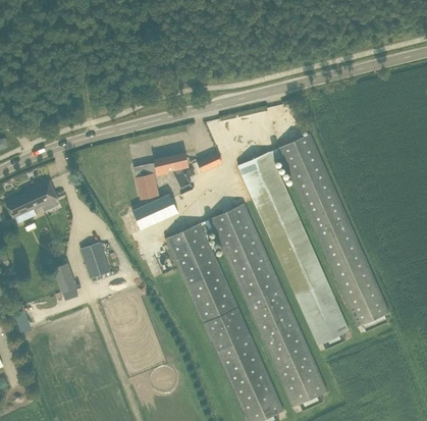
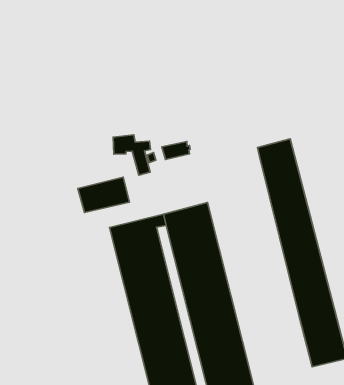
building: [239,149,350,345] -> none
building: [136,173,160,201] -> none
building: [81,242,111,279] -> none

